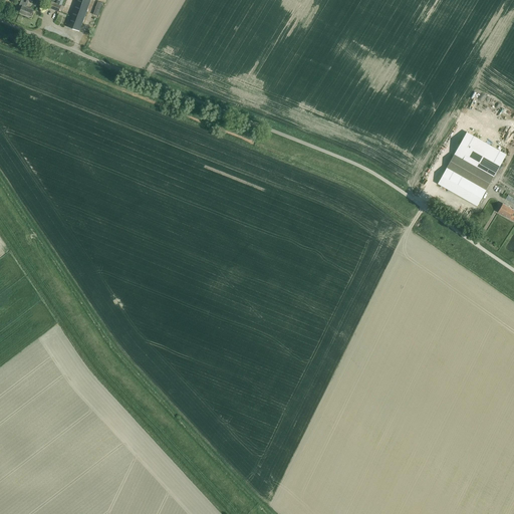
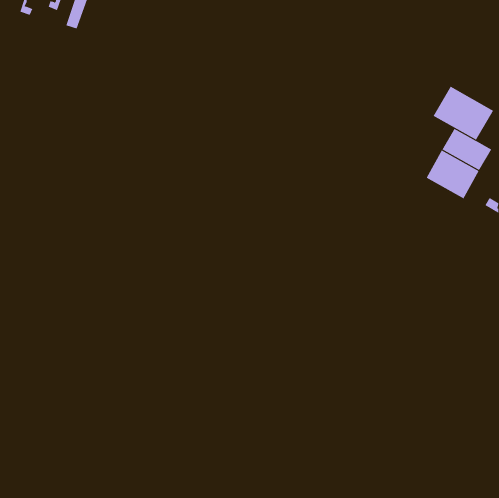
building: none -> [433,86,494,140]

